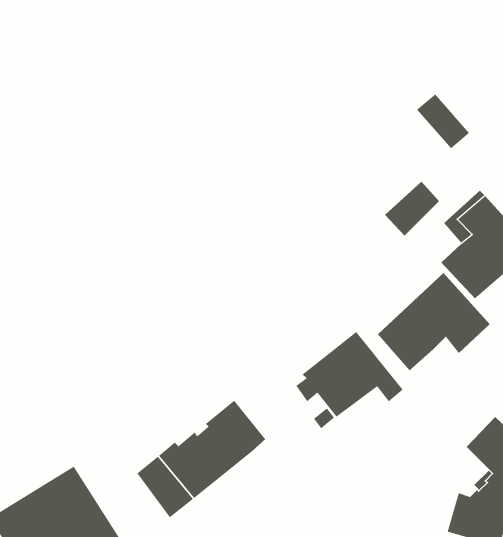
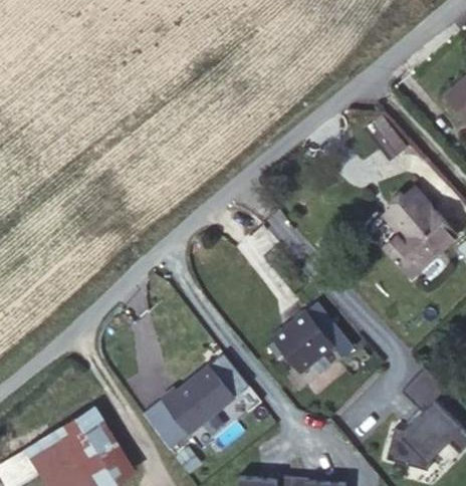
building: [384,181,440,237] -> none
building: [377,272,490,371] -> none

